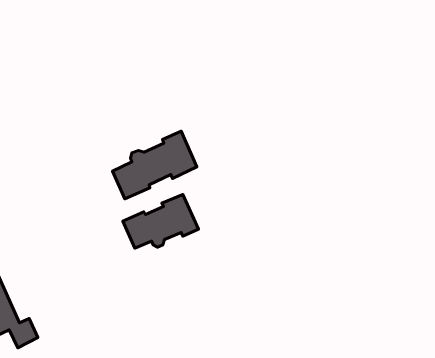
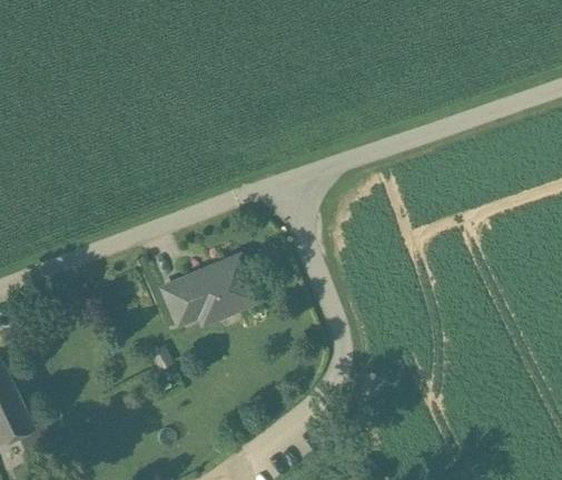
building: [112,131,197,199] -> none

